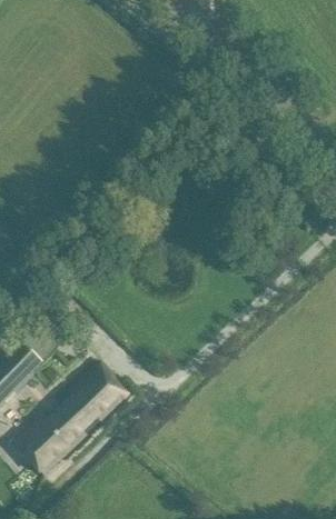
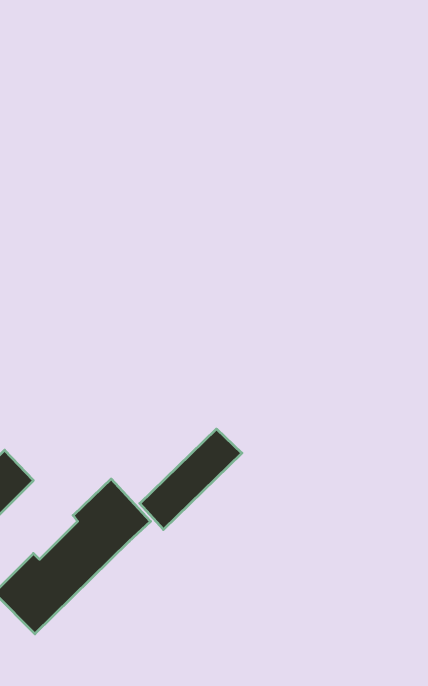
building: none -> [140,429,242,530]

